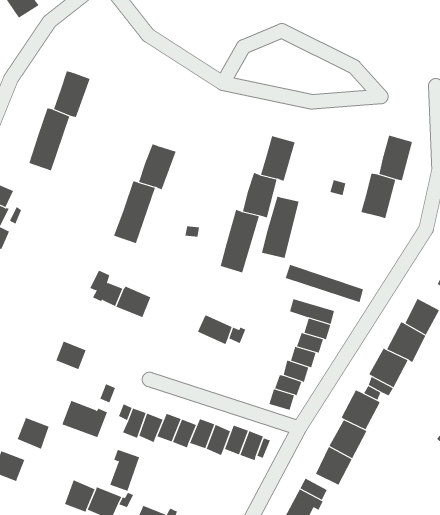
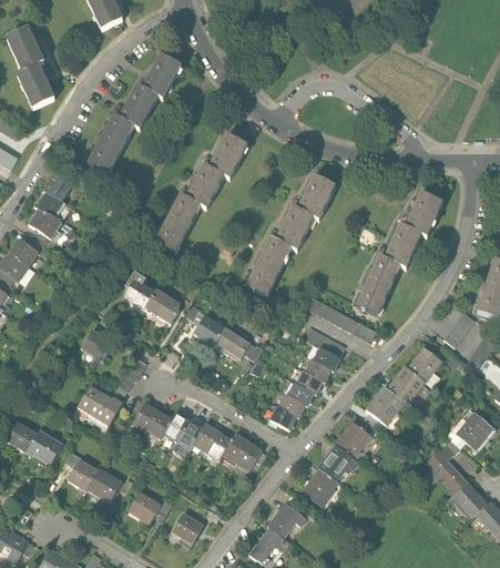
building: none -> [142,53,180,97]
building: none -> [210,133,248,178]
building: [261,196,300,259] -> [357,256,400,315]
building: none -> [195,316,225,346]
building: [17,417,50,449] -> [29,432,61,464]
building: [109,449,140,492] -> none

